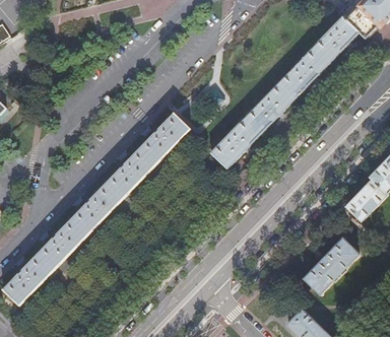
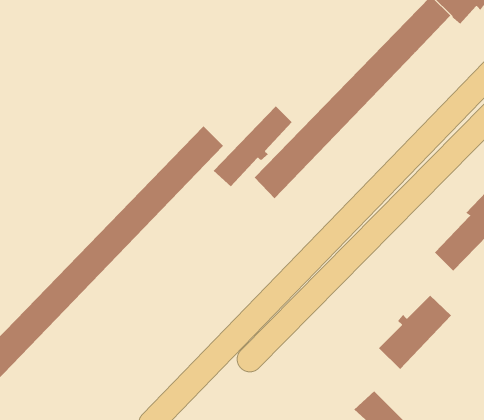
building: none -> [213,106,293,187]

